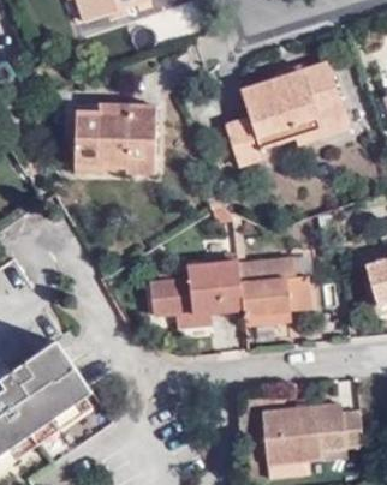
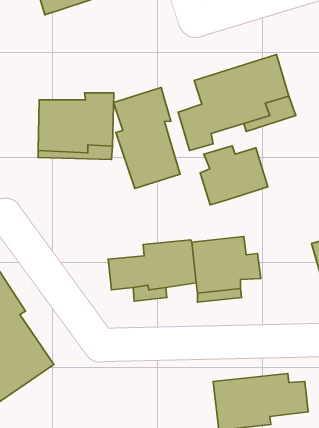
building: none -> [114,88,180,189]
building: none -> [200,146,268,205]

